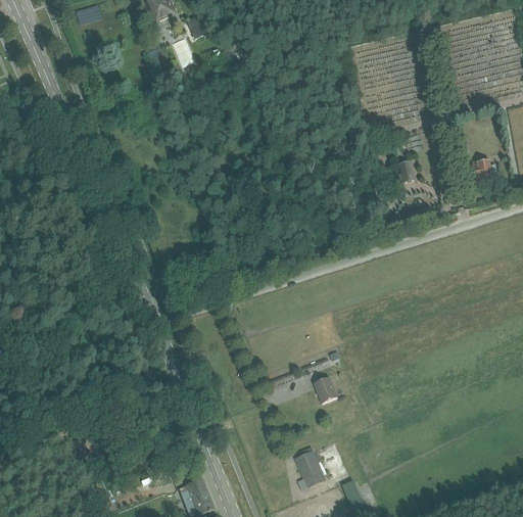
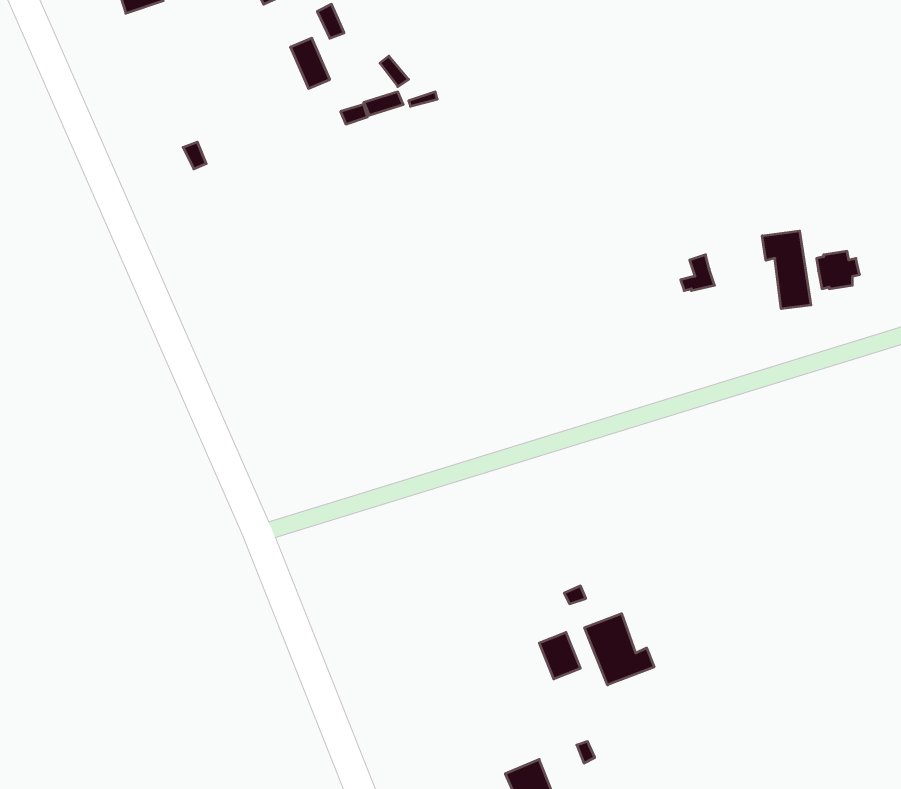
building: none -> [762,231,811,309]
building: none -> [585,614,654,685]

